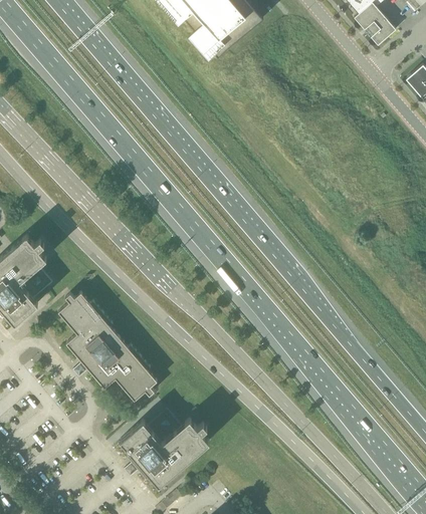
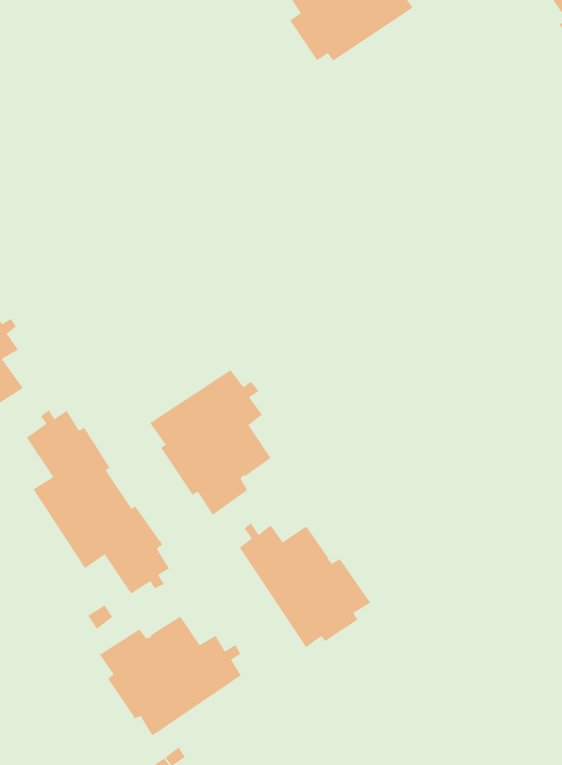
building: none -> [149,369,271,516]
building: none -> [239,522,371,648]

